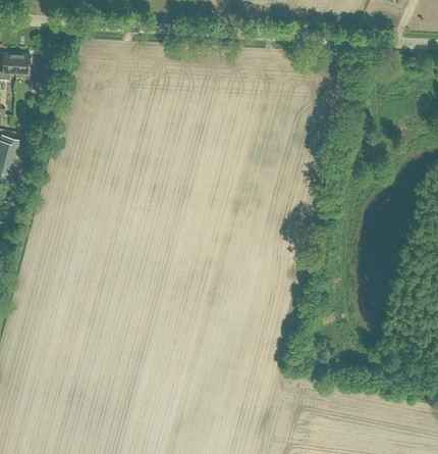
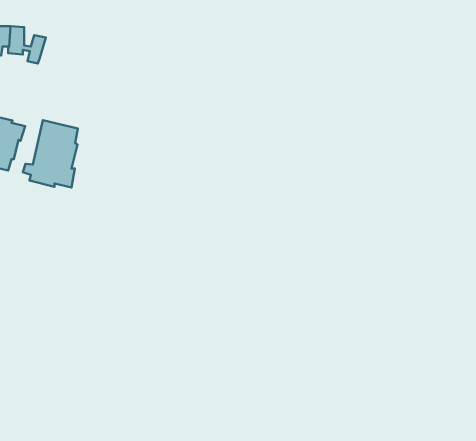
building: none -> [23,120,78,188]

